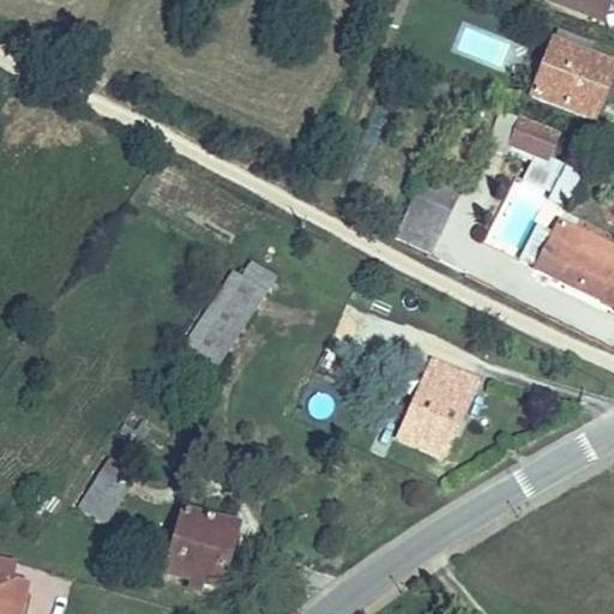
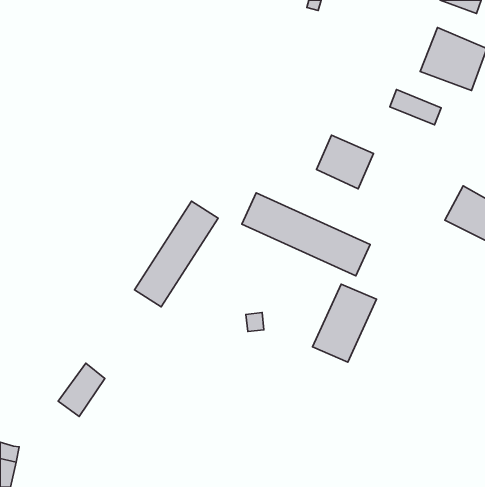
building: [538,222,585,277] -> none
building: none -> [242,193,370,276]
building: [164,512,234,591] -> none

